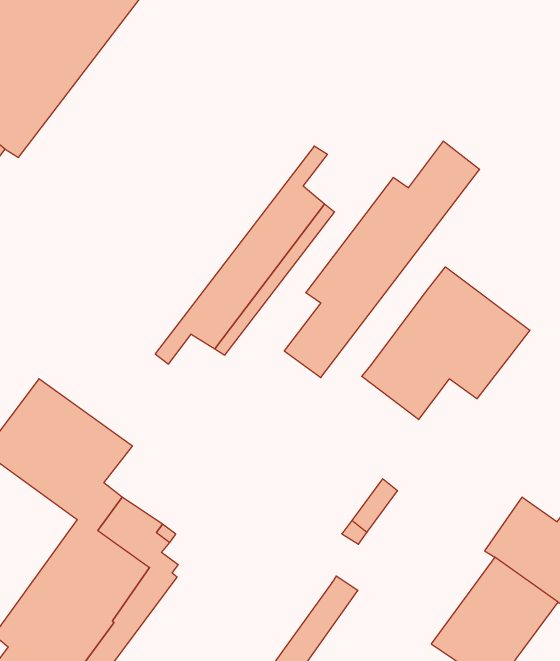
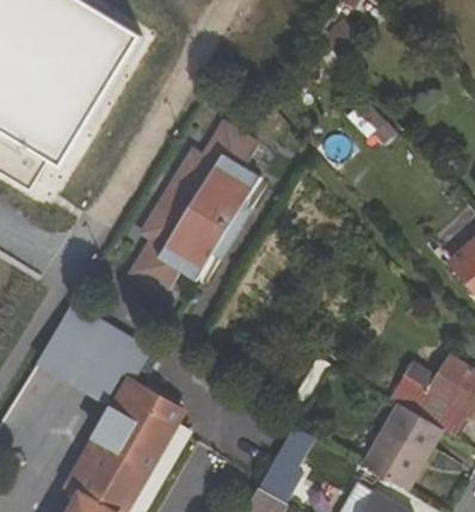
building: [284,141,480,378] -> [131,122,251,288]
building: [362,267,530,420] -> none

